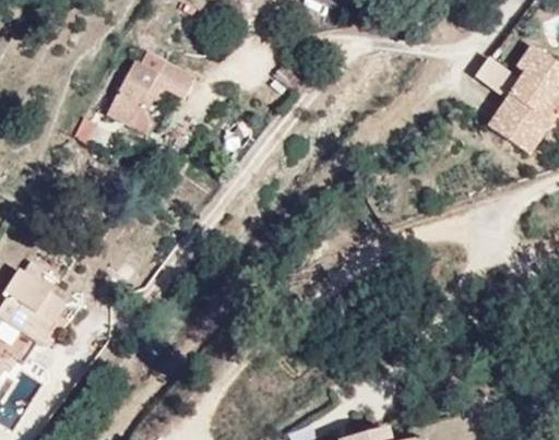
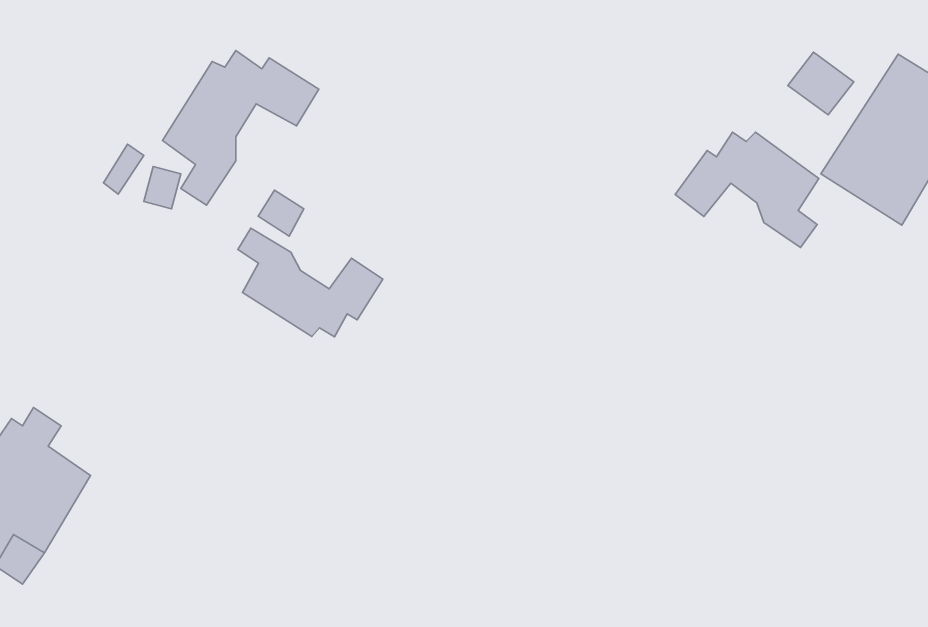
building: none -> [675,132,819,248]
building: none -> [238,228,383,337]

